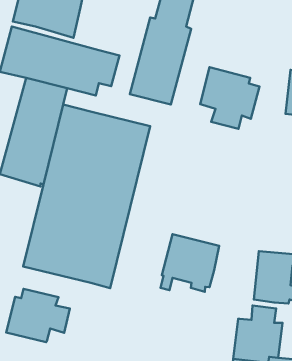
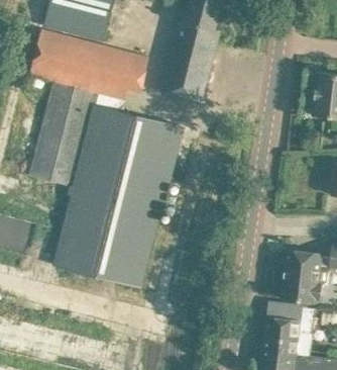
building: [200,67,260,129] -> none
building: [161,234,219,292] -> none
building: [6,289,70,342] -> none

